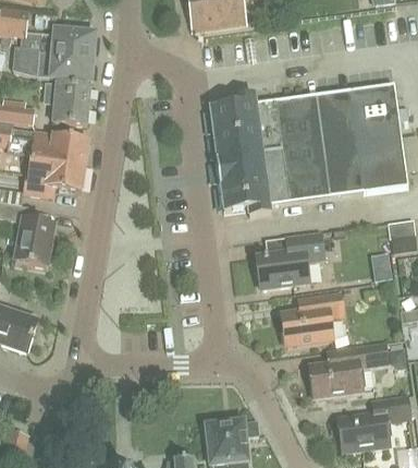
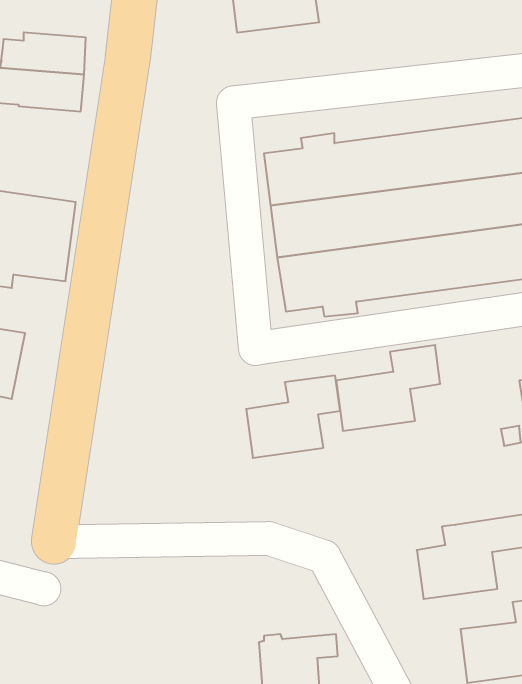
building: [45,82,90,125] -> none
building: [282,291,343,345] -> [246,376,340,458]

